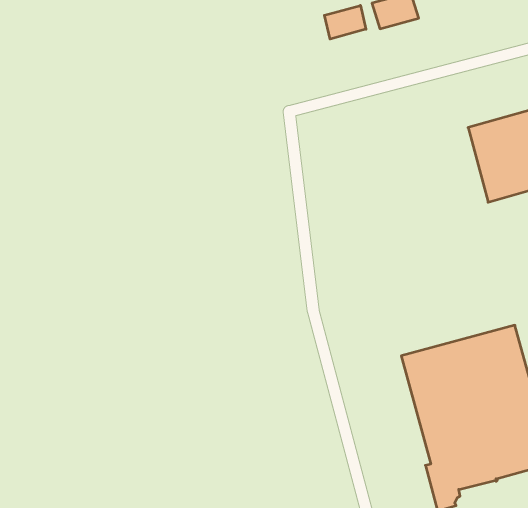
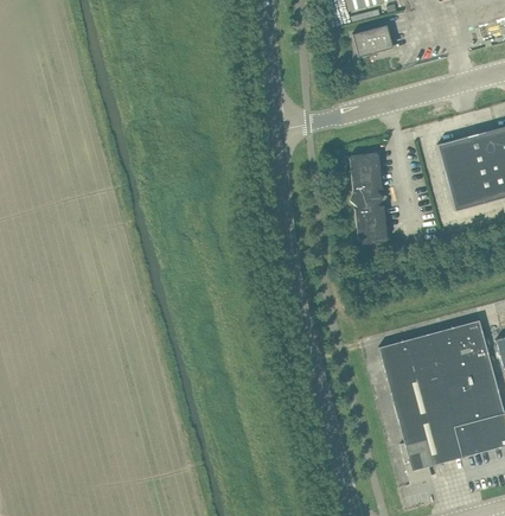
building: [324,5,366,39] -> none
building: none -> [351,152,389,244]

